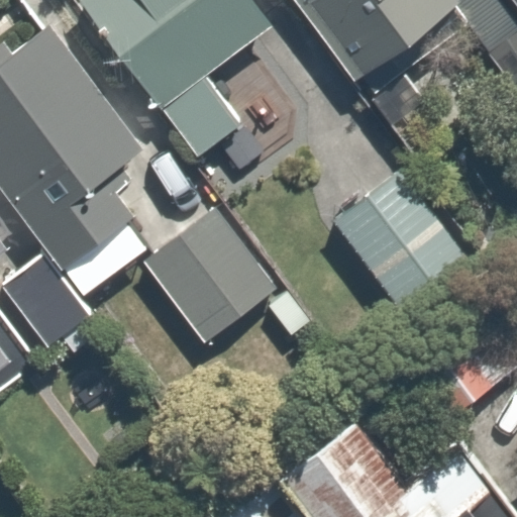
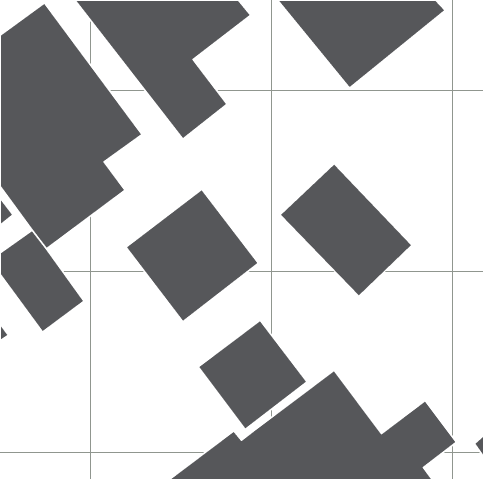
building: none -> [198,320,307,429]

